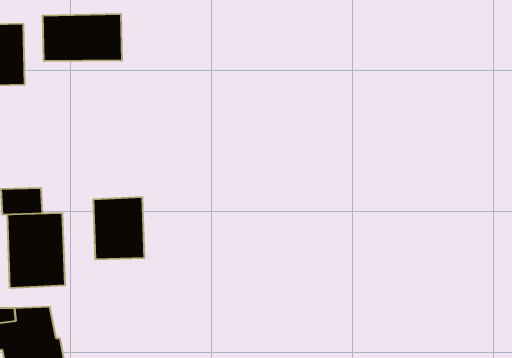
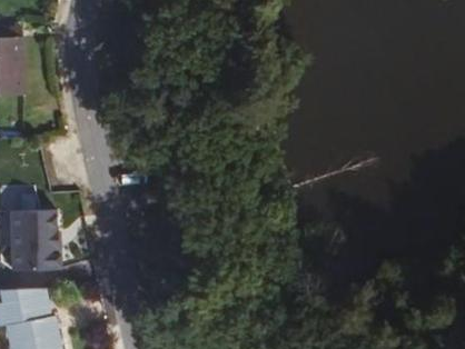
building: [43,14,122,61] -> none
building: [93,197,144,259] -> none

